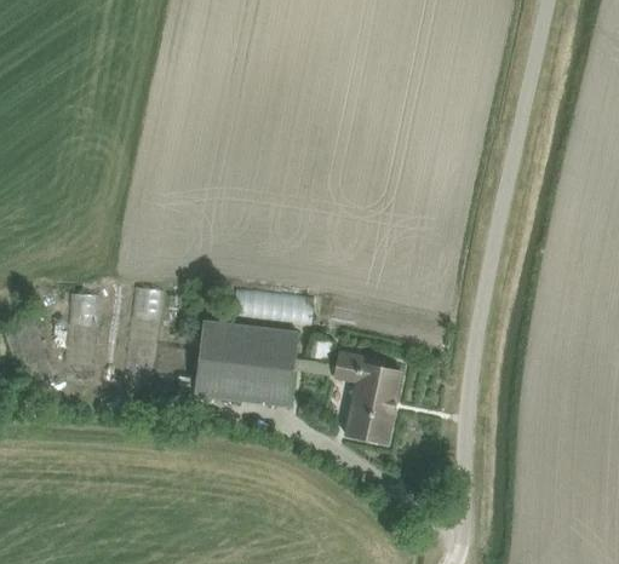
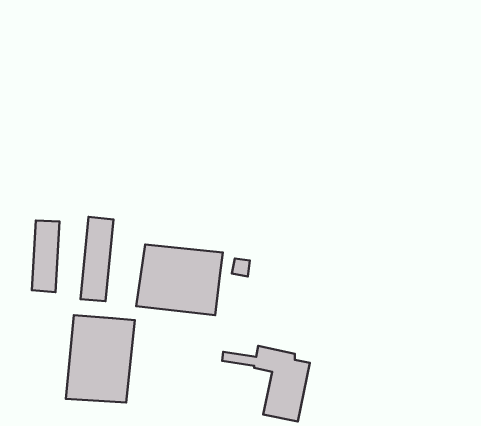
building: [294,351,401,443] -> [222,346,310,422]
building: none -> [66,315,135,403]

